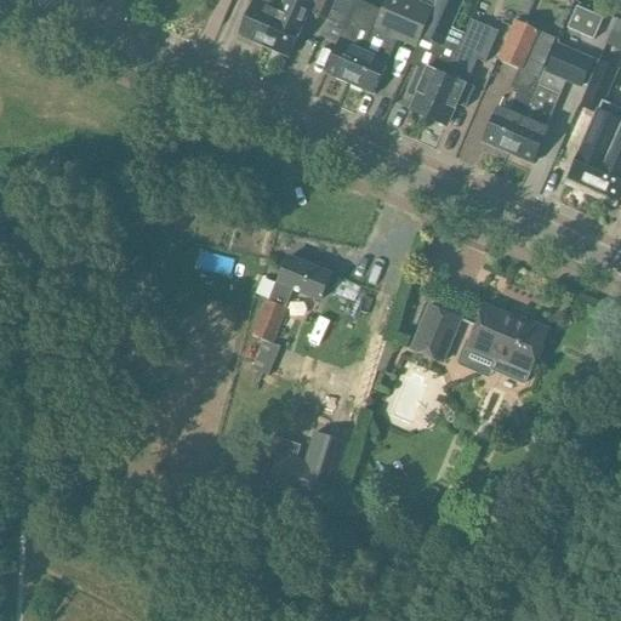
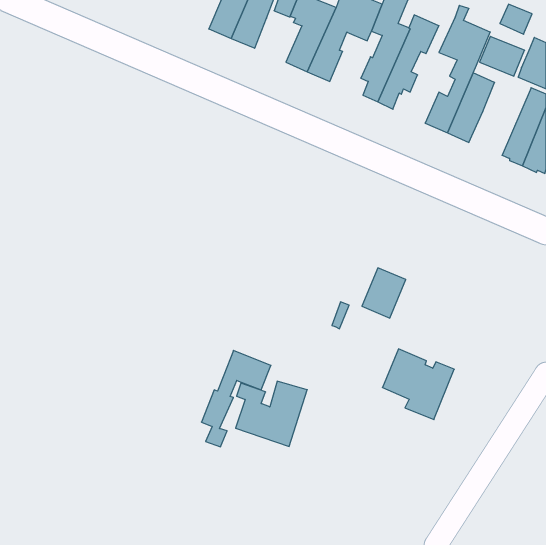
building: [251,253,330,363] -> [201,350,271,447]
building: [466,303,547,383] -> [382,349,454,420]

